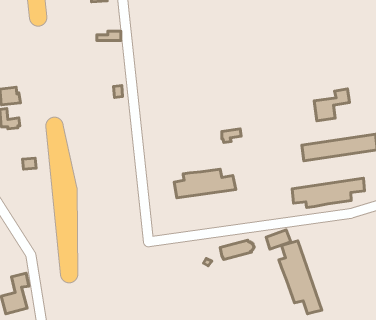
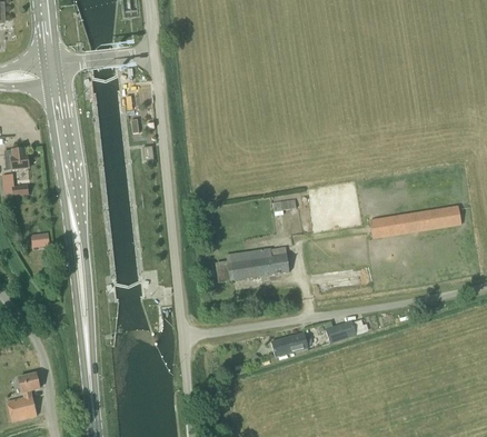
building: [314,89,350,121] -> none
building: [292,178,364,208] -> none
building: [279,241,322,314] -> none

